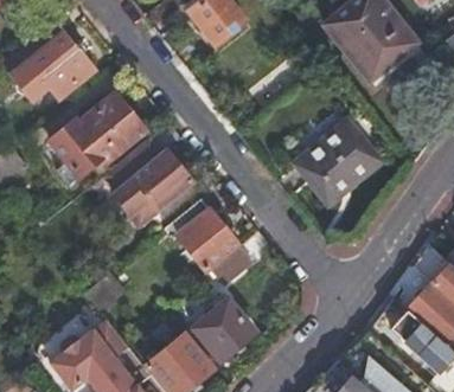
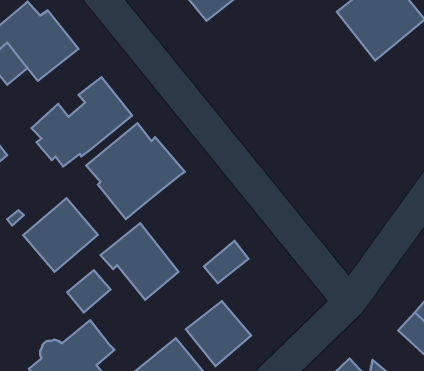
building: [293,122,381,203] -> none
building: [164,200,236,271] -> [101,223,178,300]
building: none -> [23,198,98,272]

